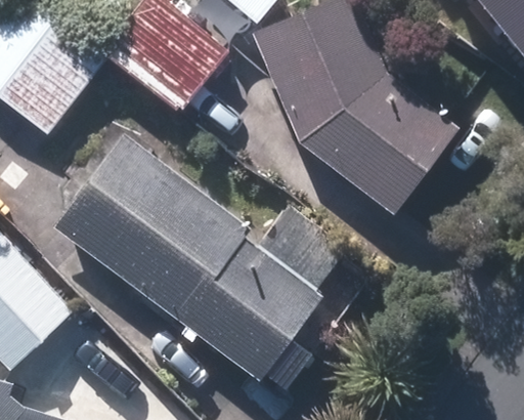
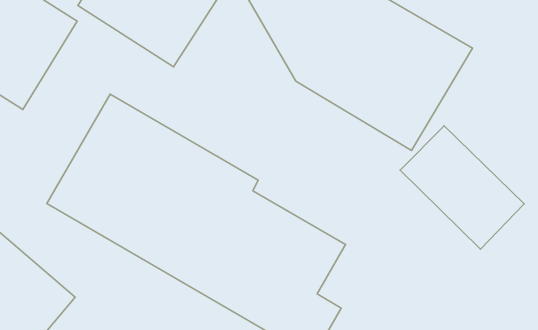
building: none -> [400,126,524,249]

